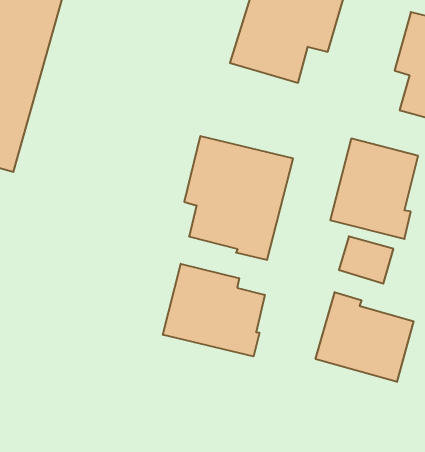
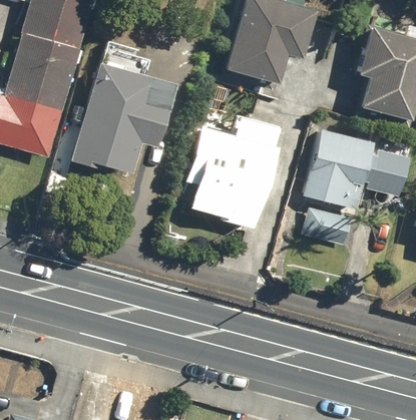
building: none -> [72,52,173,173]
building: [163,264,265,356] -> none
building: [316,292,414,382] -> none

